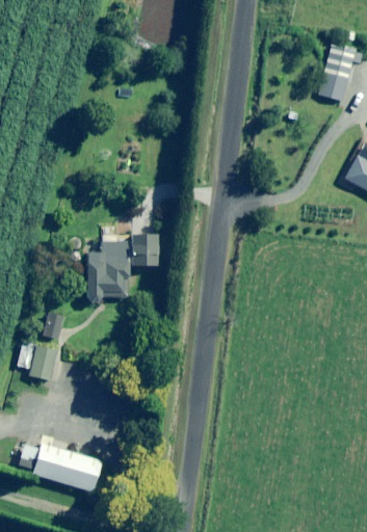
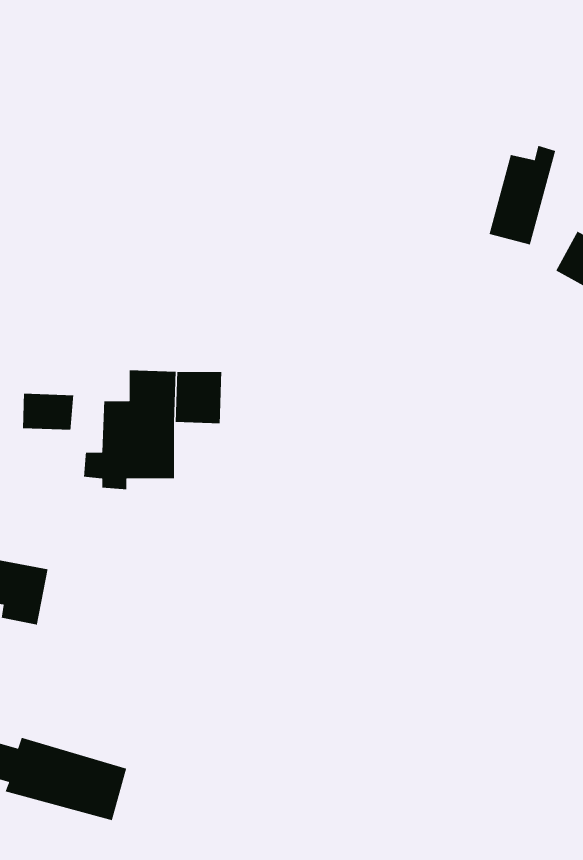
building: [318,44,357,101] -> [488,145,556,245]
building: none -> [22,393,74,431]
building: [44,309,64,339] -> none

